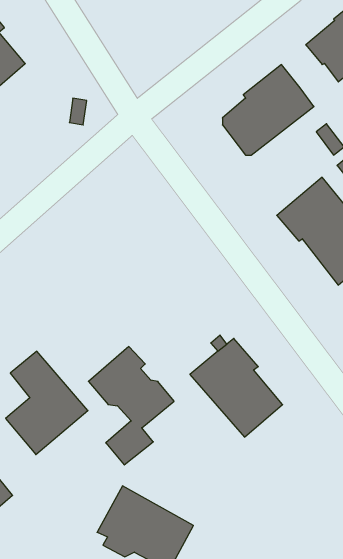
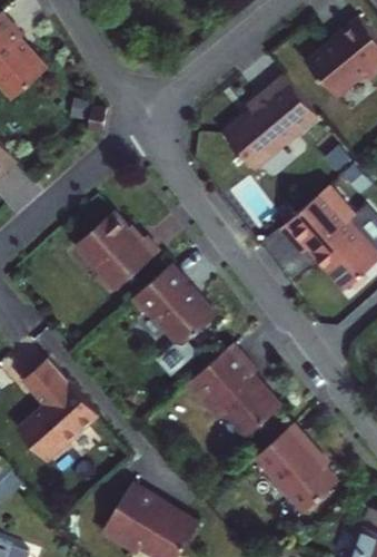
building: none -> [79,206,160,284]
building: [88,347,174,465] -> [135,261,217,374]
building: none -> [255,426,333,514]

